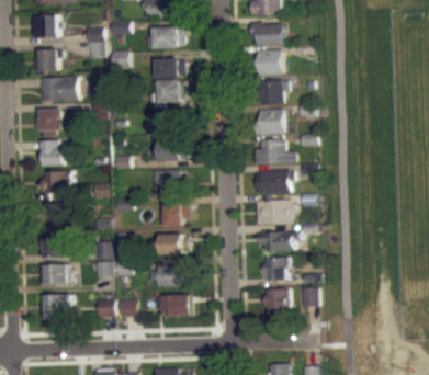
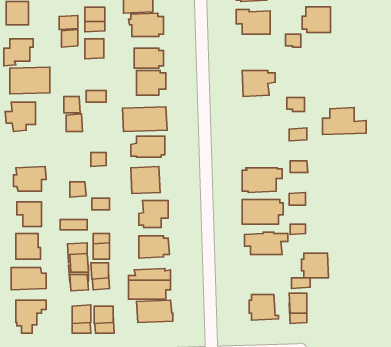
building: [253,49,280,73] -> [302,7,330,33]
building: [255,109,282,134] -> none
building: [253,138,294,163] -> [323,108,366,134]
building: [39,139,66,164] -> none
building: [261,258,286,281] -> [302,253,329,278]

